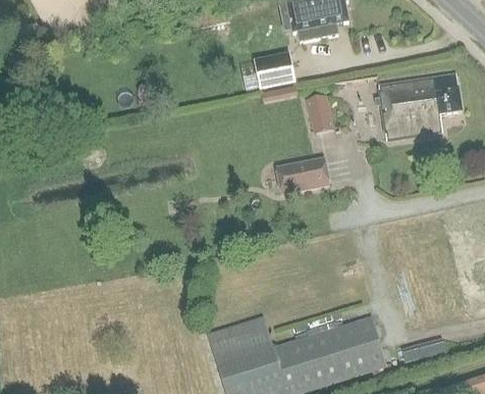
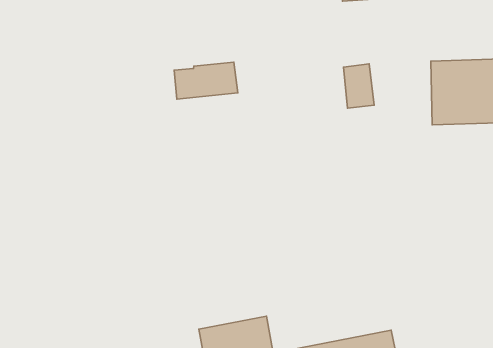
building: [238,53,294,90] -> [174,62,238,99]
building: [275,156,329,193] -> none

